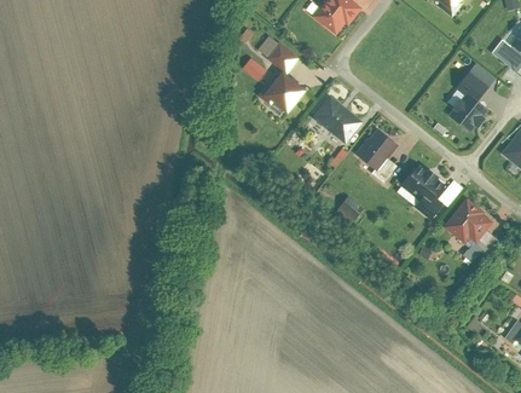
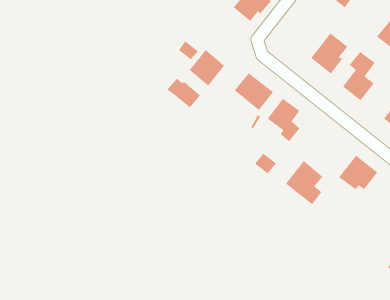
building: [259,36,301,74] -> [167,78,201,108]
building: none -> [311,33,348,74]
building: [398,163,445,219] -> [285,160,323,205]

